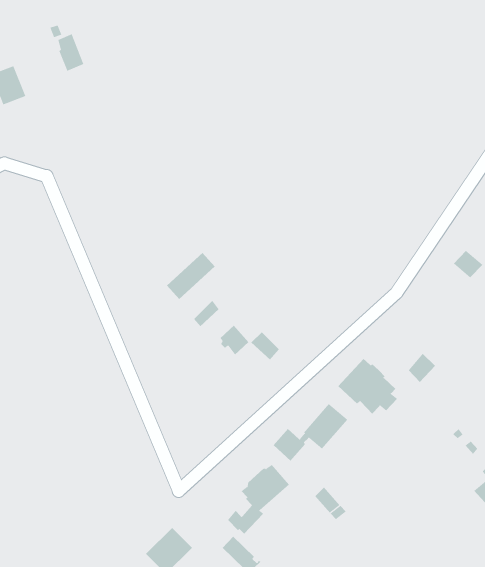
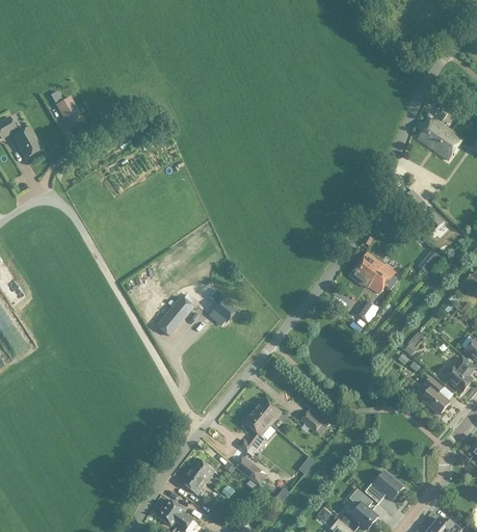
building: [166,252,216,300] -> [156,296,191,335]
building: [337,358,398,415] -> [349,251,396,293]
building: [273,403,348,461] -> none

